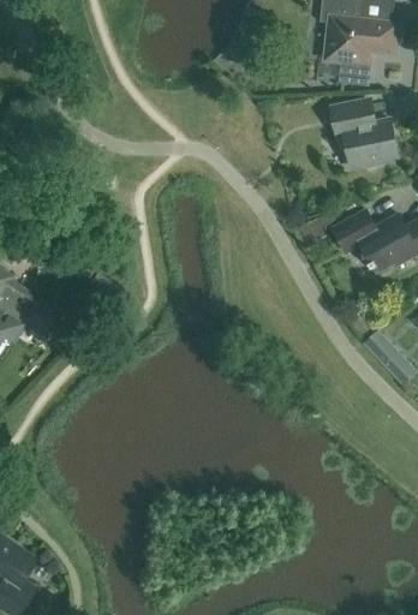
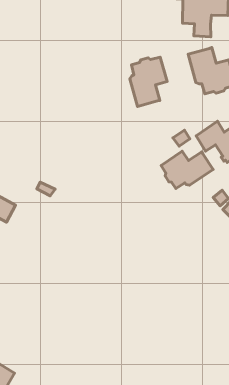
building: none -> [130,57,167,106]
building: none -> [161,151,213,189]

